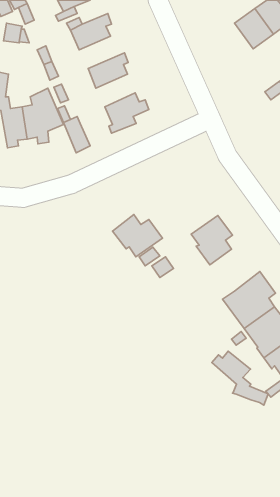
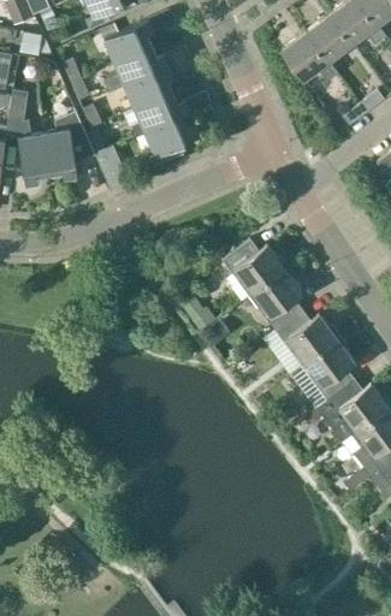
building: none -> [280,31,337,82]
building: none -> [103,47,170,94]
building: none -> [131,94,190,135]
building: [112,215,162,257] -> [223,238,284,290]
building: none -> [274,308,336,360]
building: [212,351,268,405] -> none

